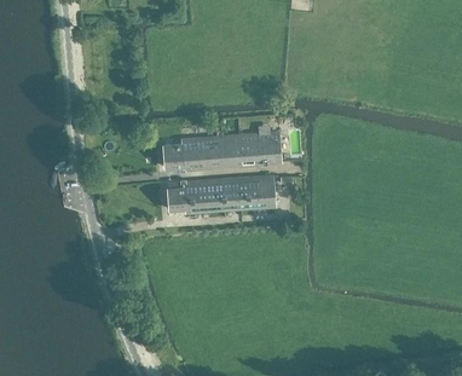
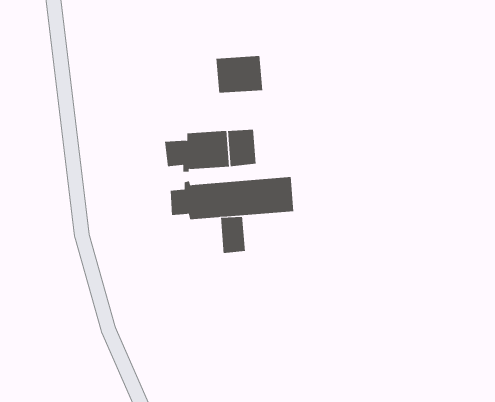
building: [239,131,281,163] -> [216,56,263,93]
building: none -> [220,216,245,254]

